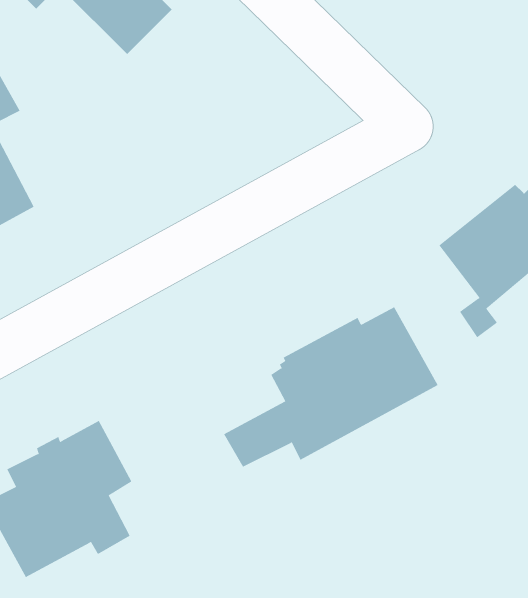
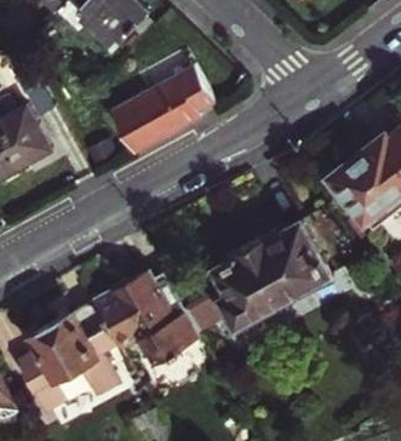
building: none -> [113,68,214,154]
building: none -> [97,273,199,363]

